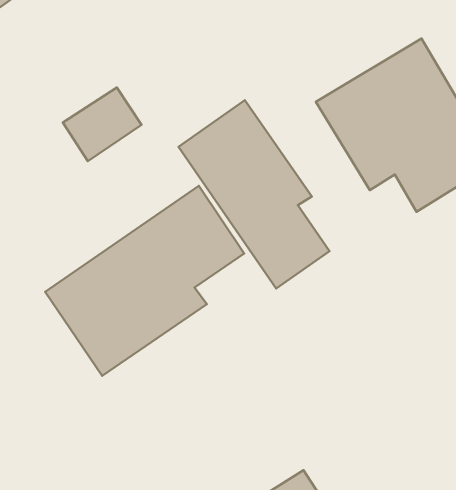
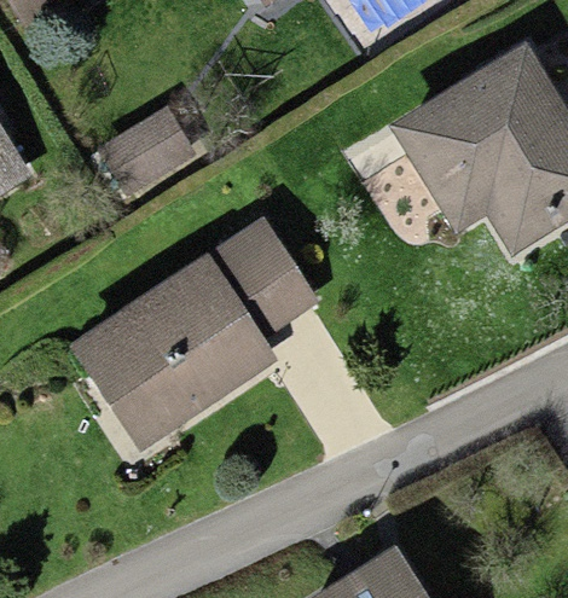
building: [178,100,329,289] -> none

